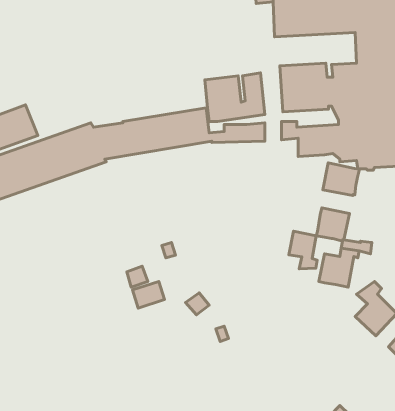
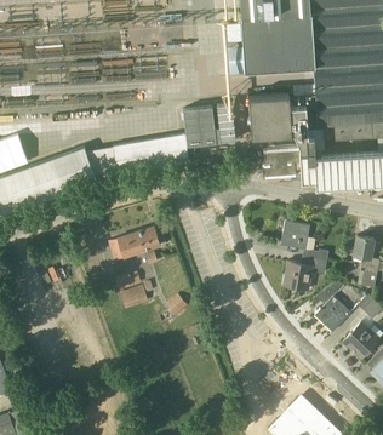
building: [323,163,360,196] -> none
building: none -> [108,225,160,259]
building: [289,231,317,269] -> none

